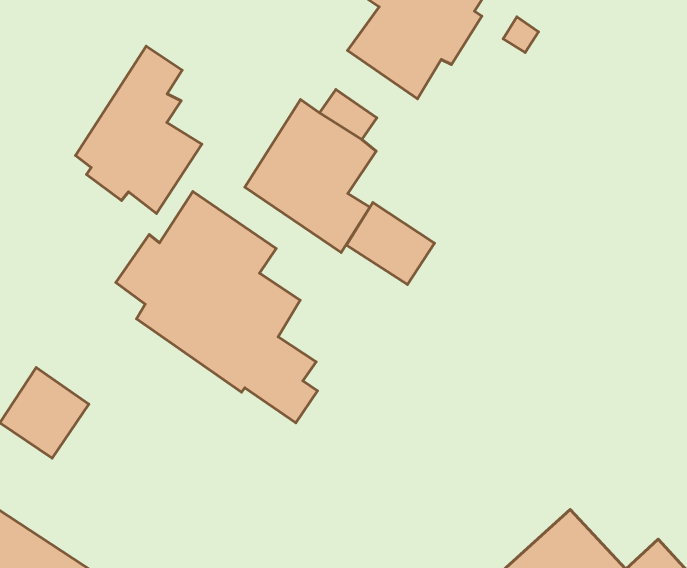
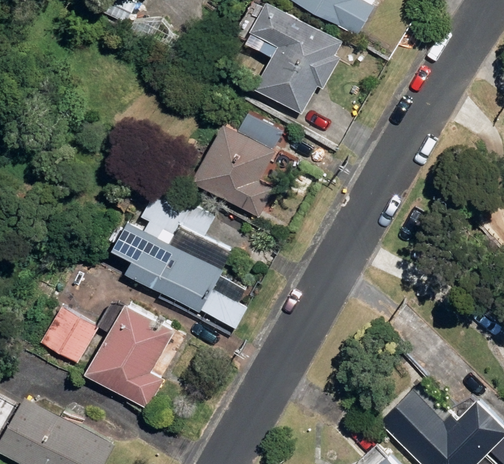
building: [75,46,202,214] -> none
building: [347,202,435,285] -> none
building: none -> [83,301,176,411]

